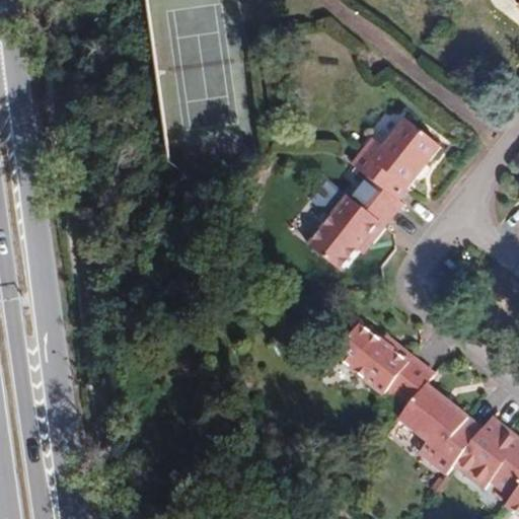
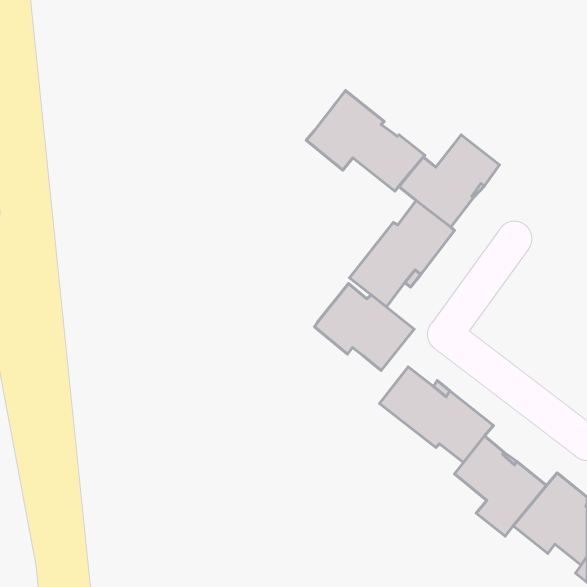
building: none -> [306,91,425,191]
building: none -> [314,284,414,371]

